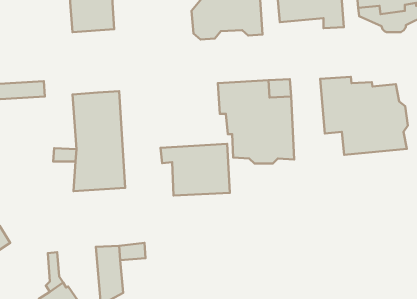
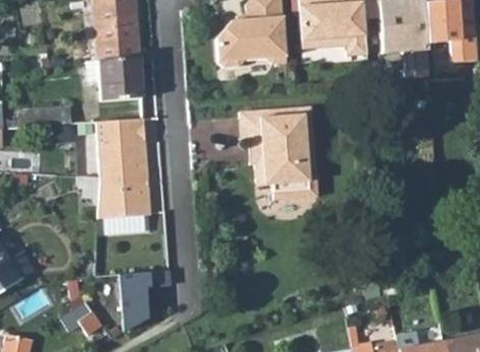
building: none -> [83,58,141,101]
building: [320,77,408,155] -> none
building: [161,144,230,196] -> none

